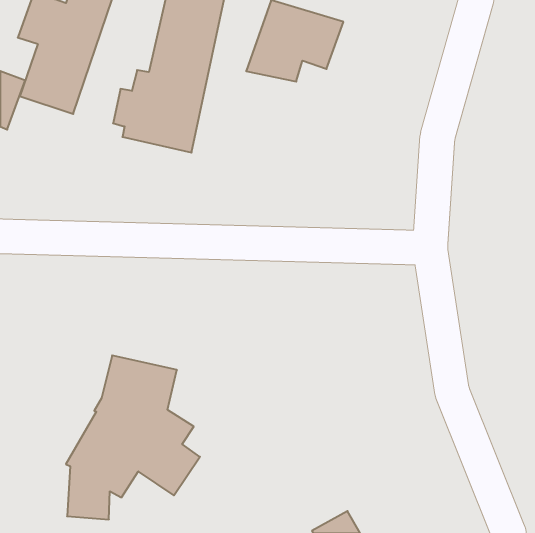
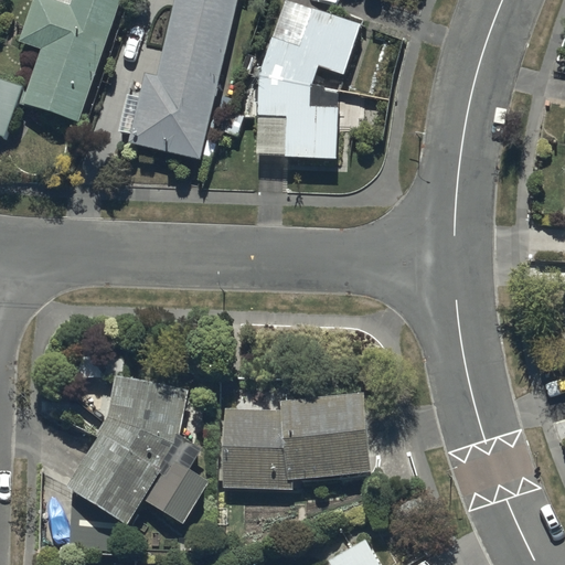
building: none -> [256,75,339,159]
building: none -> [222,393,370,487]

